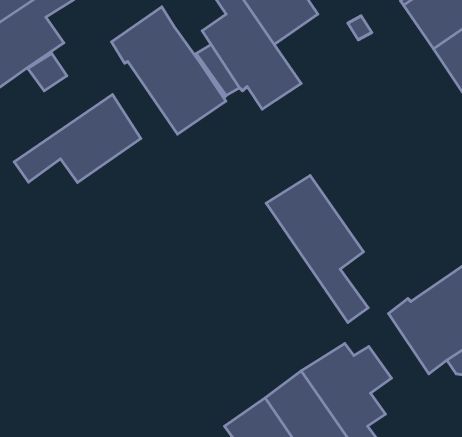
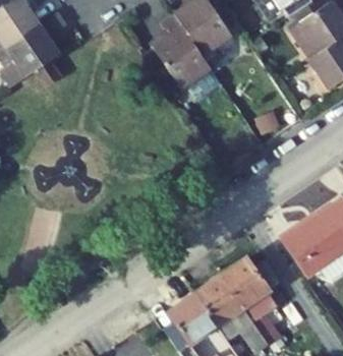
building: [112,7,226,134] -> none
building: [14,94,141,182] -> none
building: [266,175,368,322] -> none

